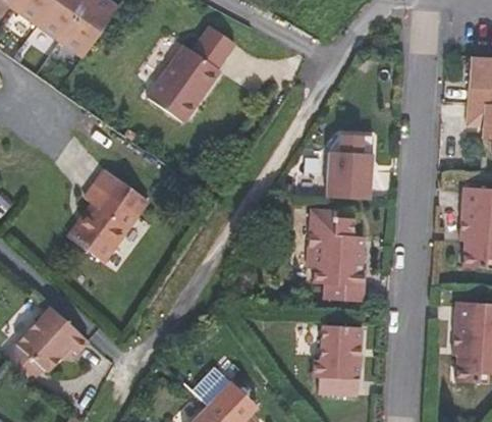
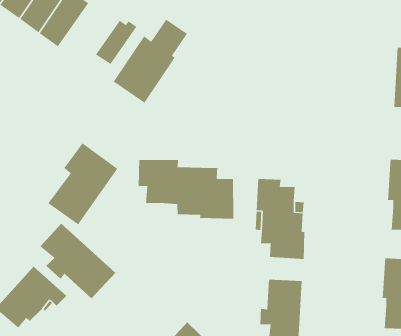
building: none -> [95,20,137,65]
building: [327,135,374,200] -> none
building: none -> [138,159,234,220]
building: none -> [39,223,116,299]

